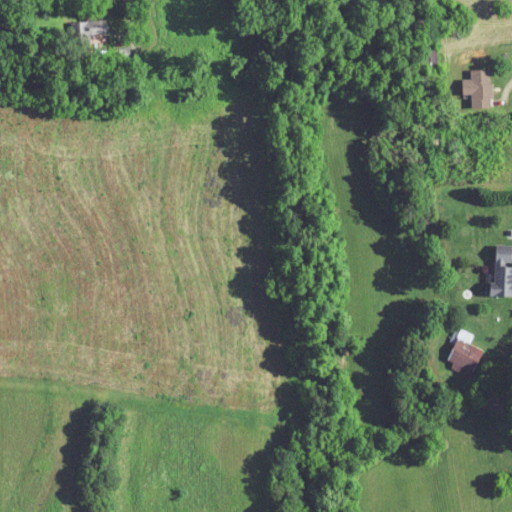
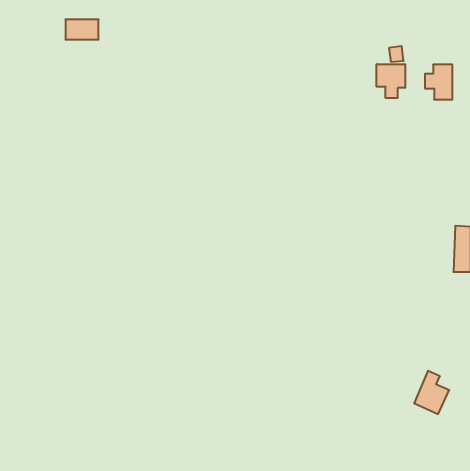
building: none -> [377,64,405,98]
building: [446,330,484,377] -> [414,371,449,414]

